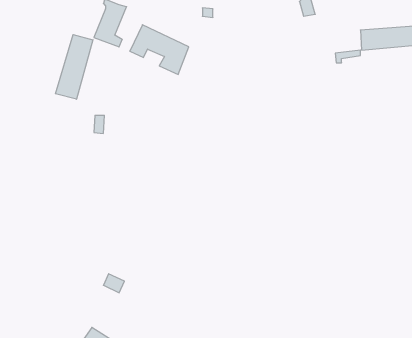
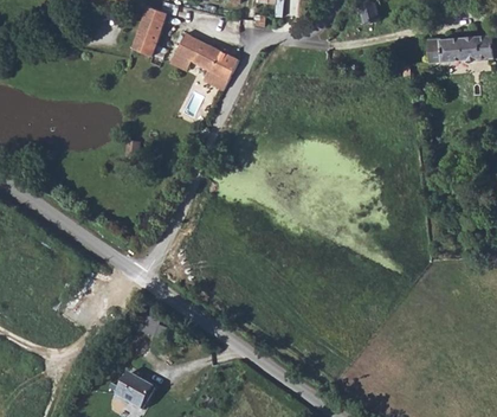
building: [55,35,93,99] -> none

